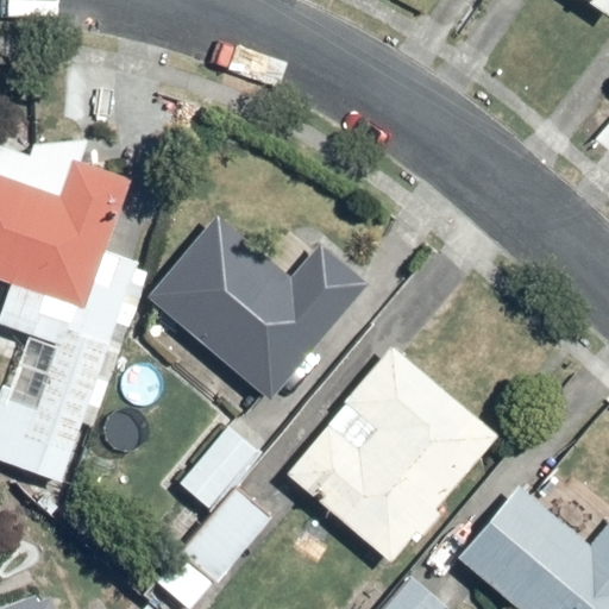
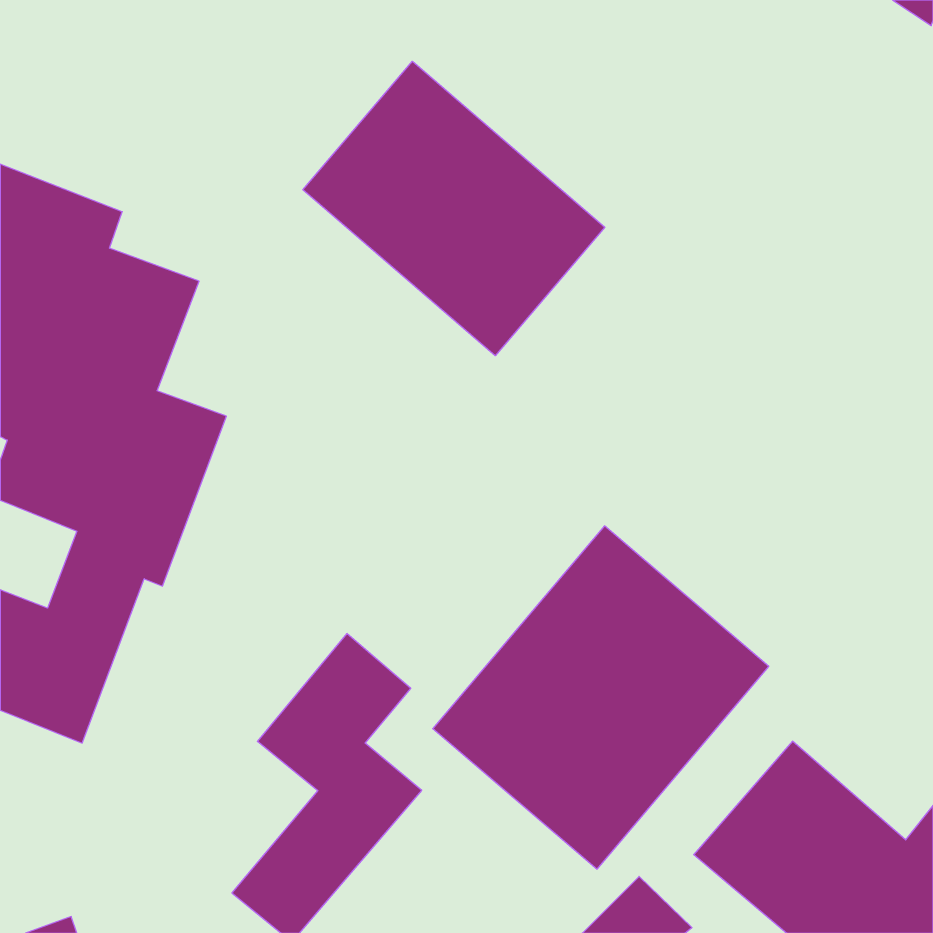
building: none -> [303,61,605,356]
building: [145,215,368,401] -> none

